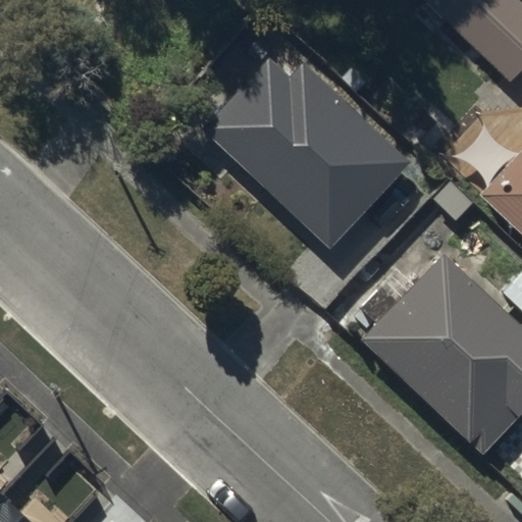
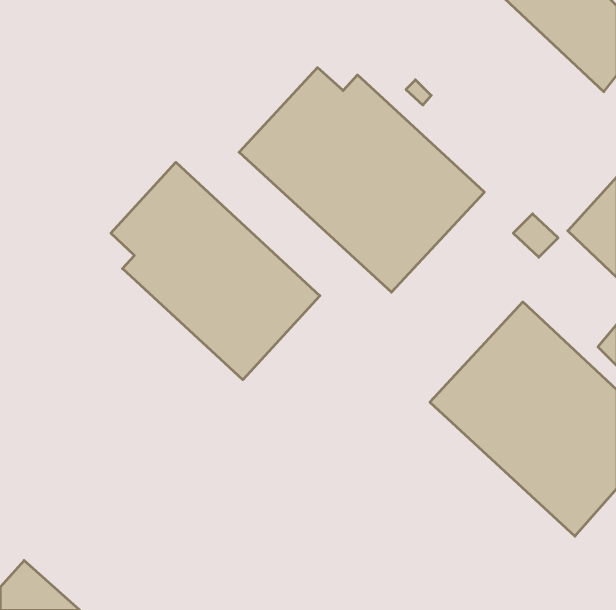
building: none -> [111,162,320,380]

